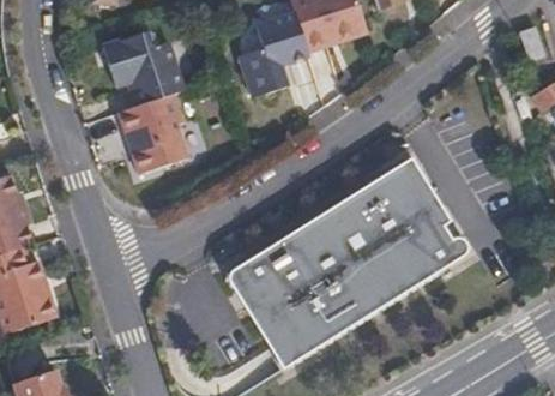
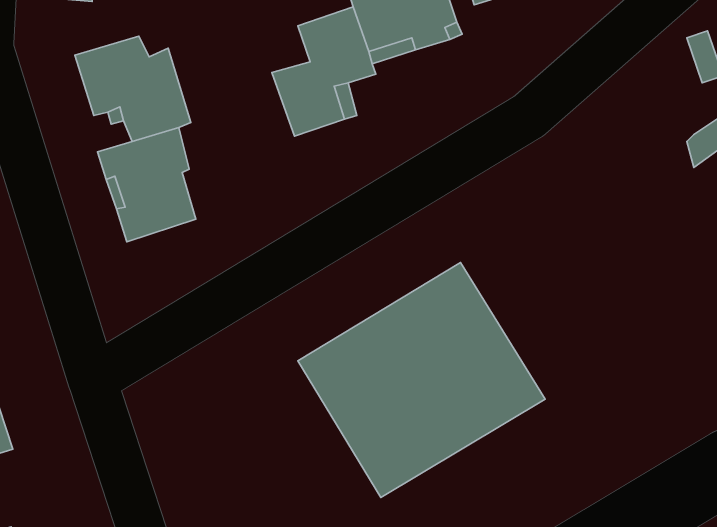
building: [366,160,469,282] -> none
building: [228,256,310,364] -> none

